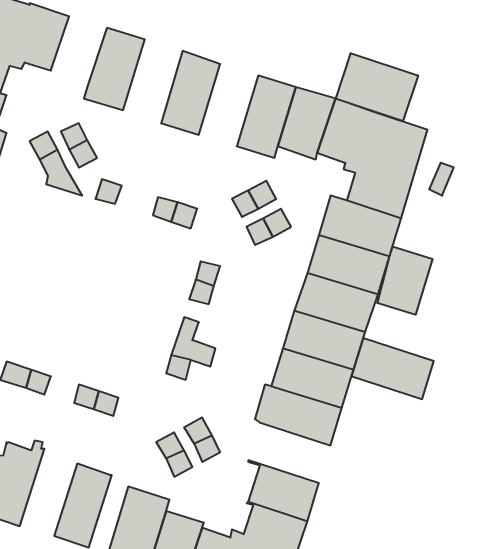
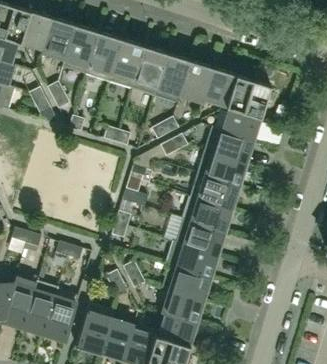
building: none -> [41,18,76,61]
building: none -> [86,32,122,83]
building: [336,53,418,121] -> none
building: none -> [132,47,168,97]
building: [377,247,433,315] -> none
building: [352,338,434,399] -> [162,265,212,302]
building: none -> [23,281,58,334]

